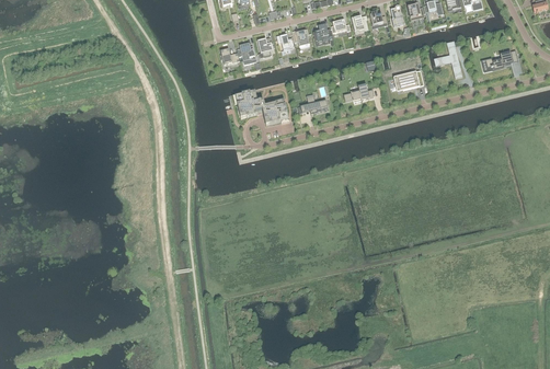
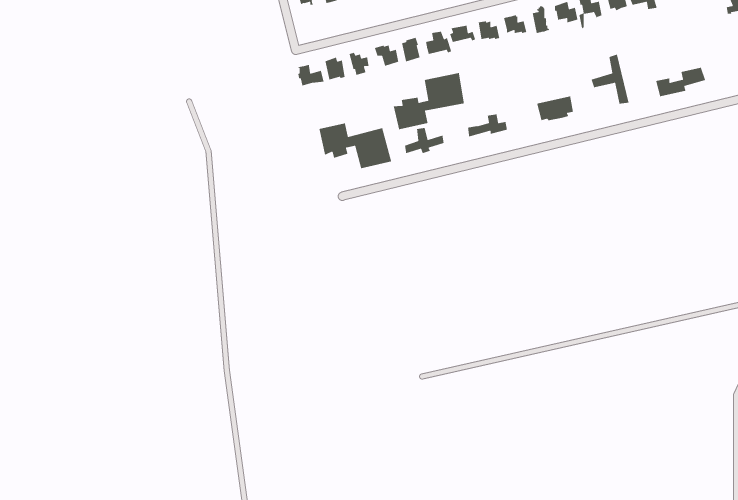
building: none -> [393,72,465,130]

